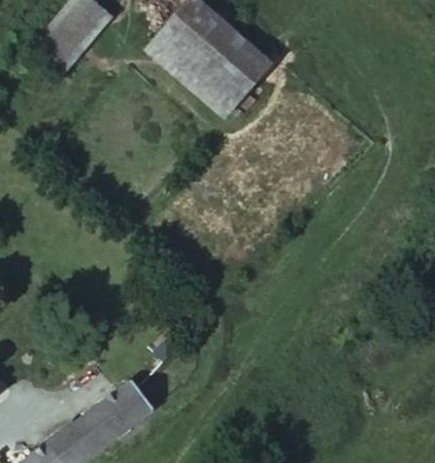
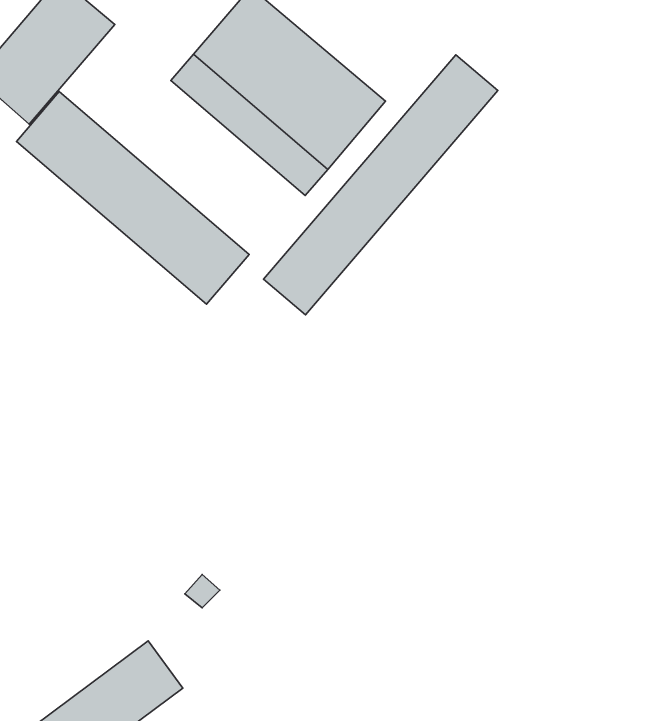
building: none -> [263,55,498,315]
building: none -> [17,92,249,304]

